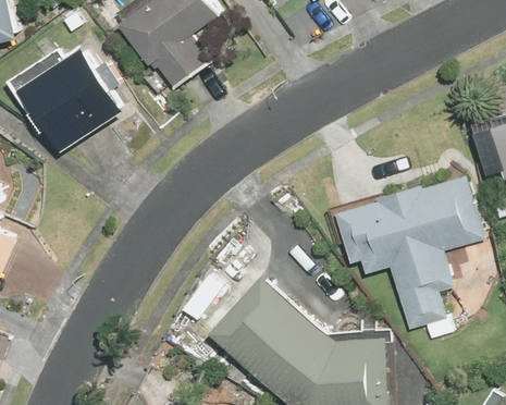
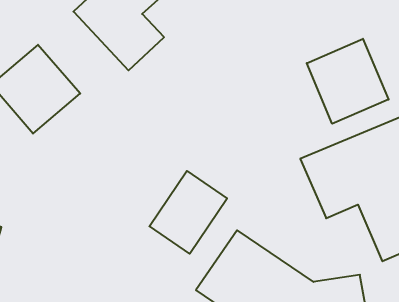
building: none -> [307,39,389,124]
building: none -> [149,171,227,254]

